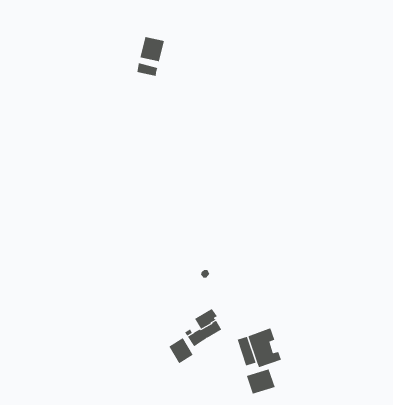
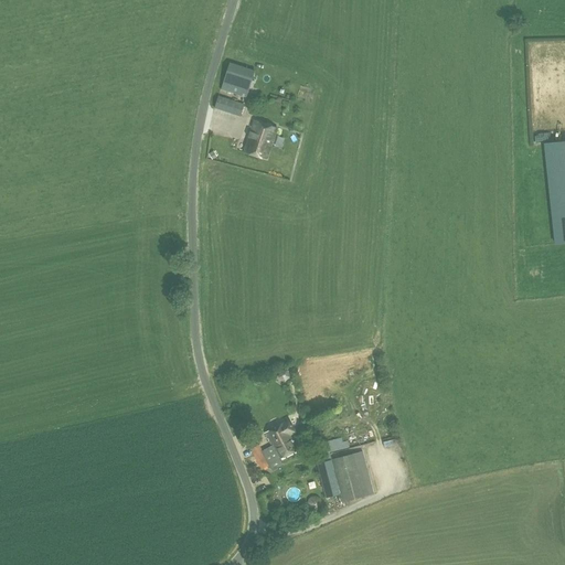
building: none -> [244,119,277,158]
building: [168,337,194,364] -> none
building: [246,368,275,395] -> none

